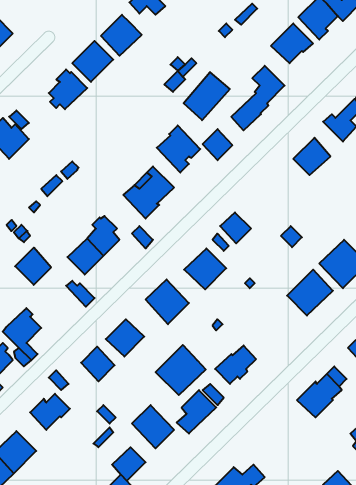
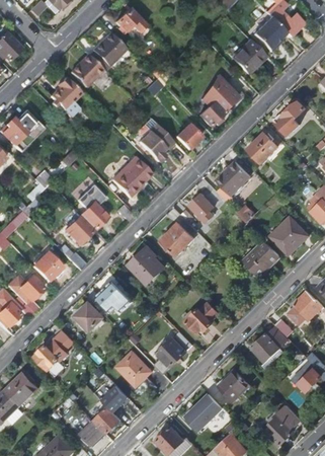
building: [184,72,230,120] -> none
building: none -> [217,162,251,196]
building: [15,248,51,285] -> [32,251,62,282]
building: [156,345,206,395] -> none
building: none -> [220,369,250,400]

